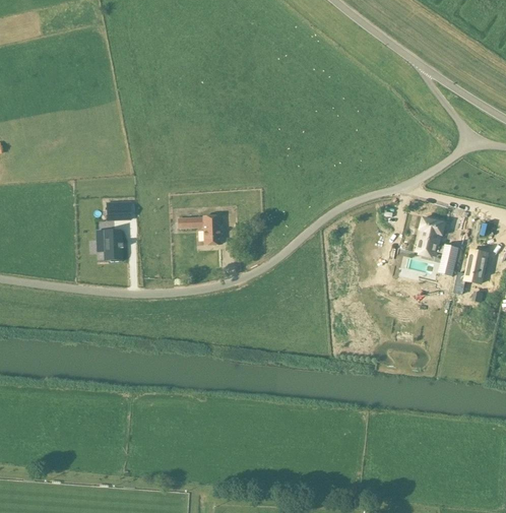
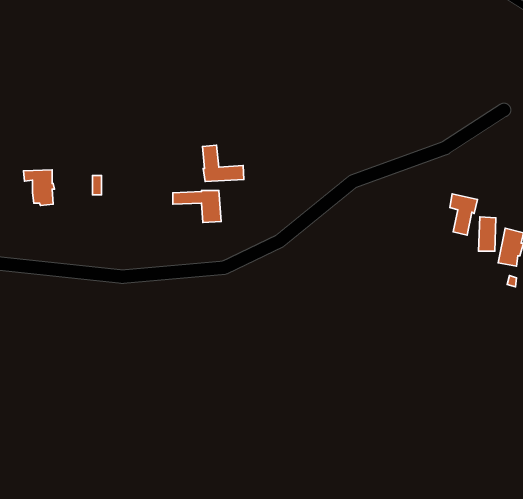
building: none -> [202,145,244,182]
building: [94,230,122,261] -> [23,170,54,205]

